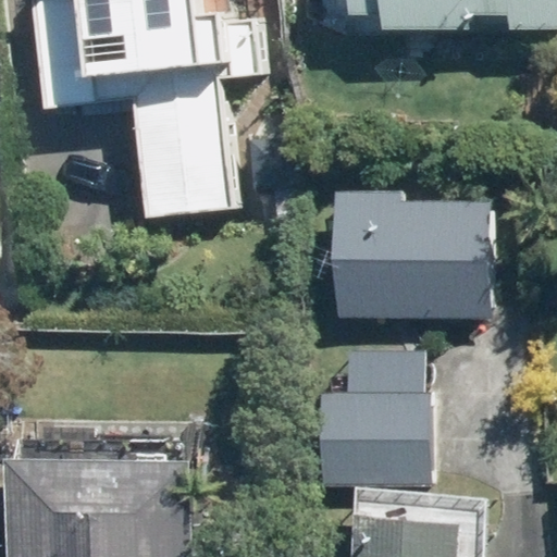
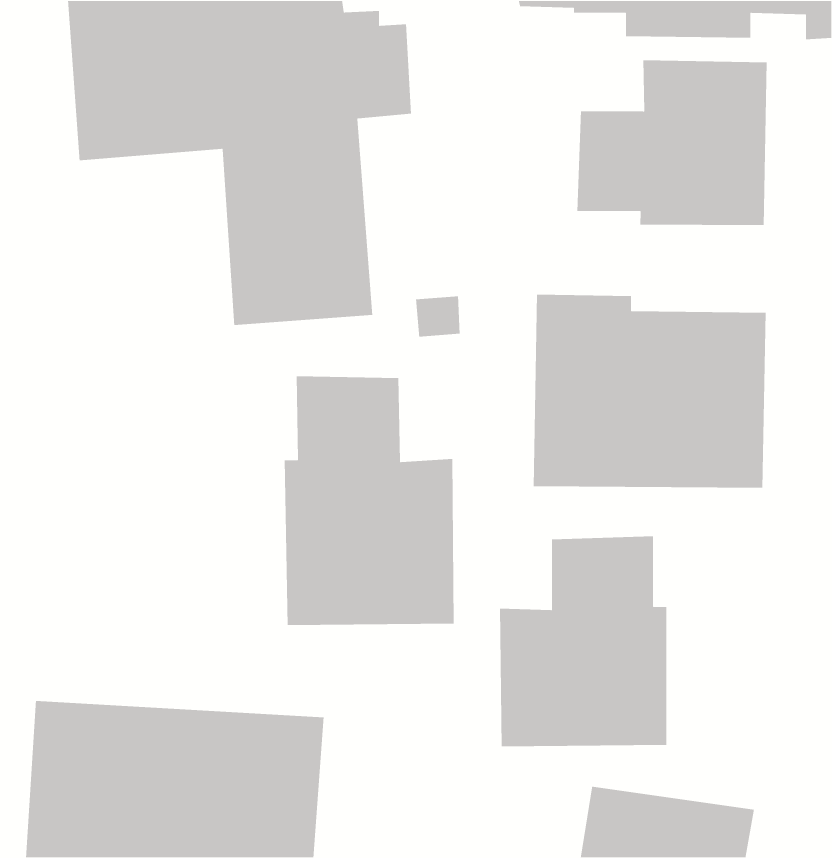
building: none -> [576,60,767,226]
building: none -> [284,376,455,626]

